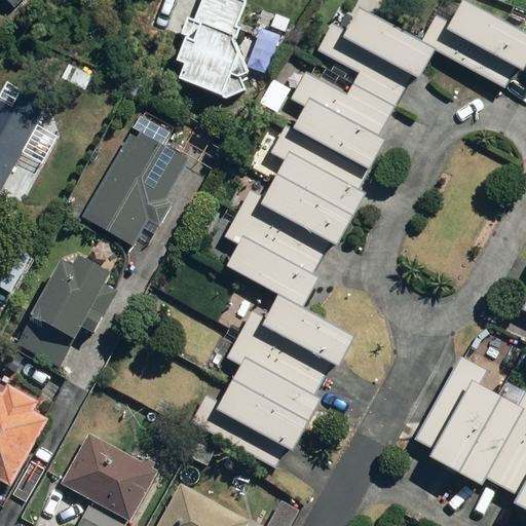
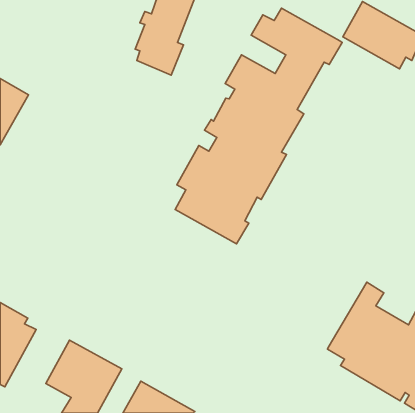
building: [81,123,190,242] -> none
building: [13,256,108,367] -> none
building: [195,302,354,467] -> none

